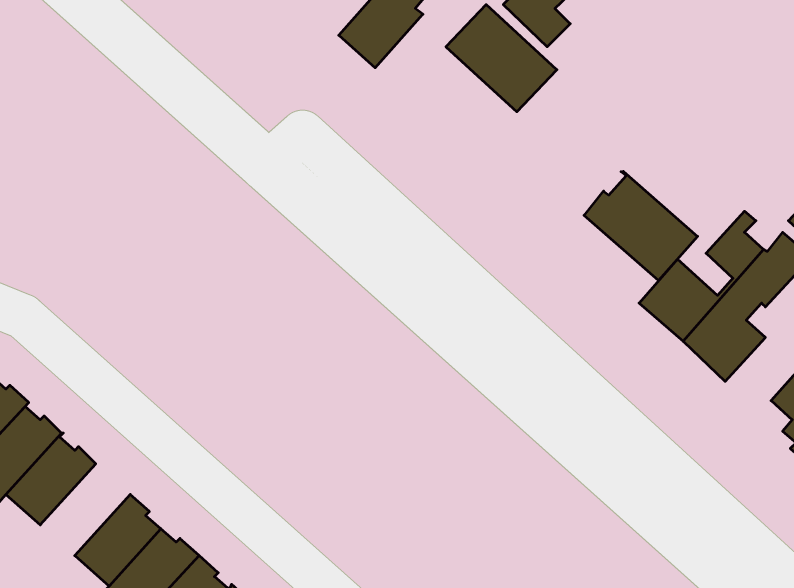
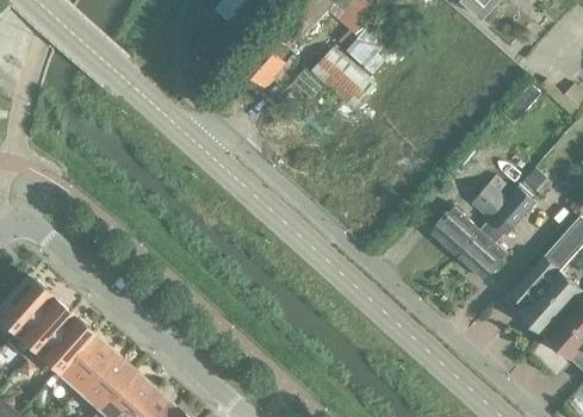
building: [584,171,698,280] -> none
building: none -> [56,332,112,390]

